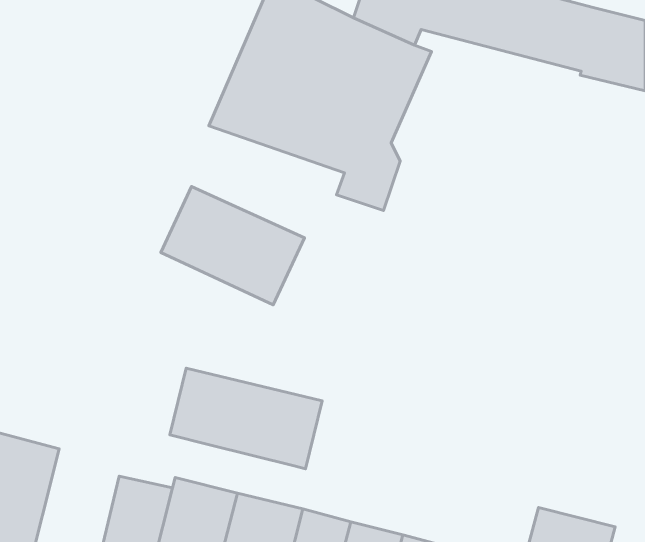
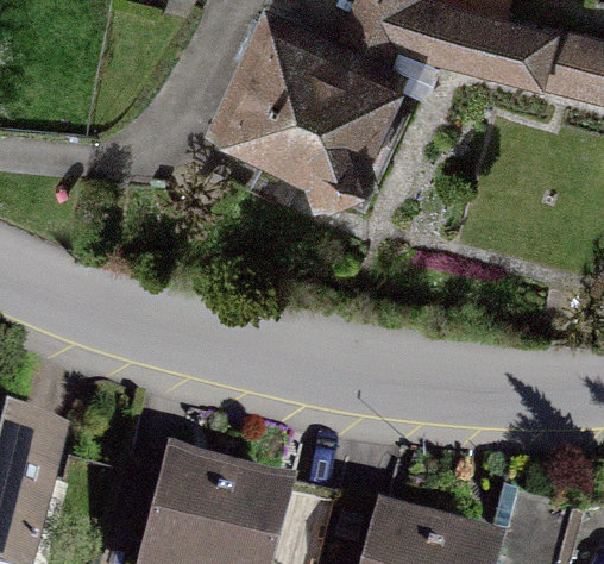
building: [161,187,305,305] -> none
building: [170,368,322,469] -> none

